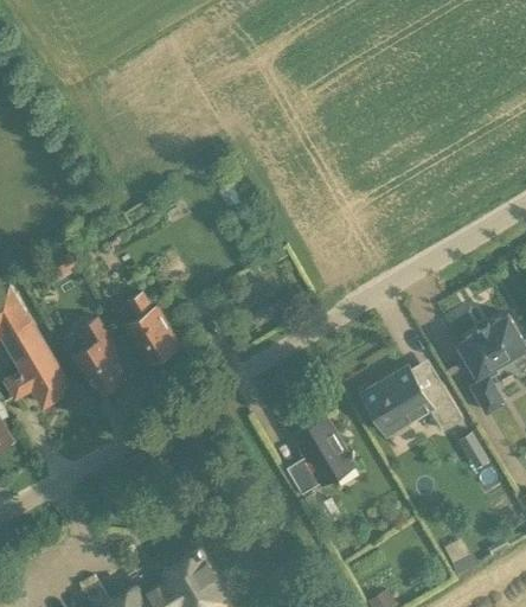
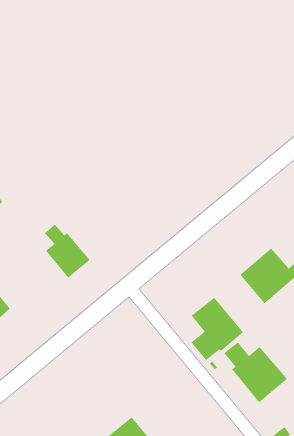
building: [73,319,126,394] -> none
building: none -> [224,341,288,403]

